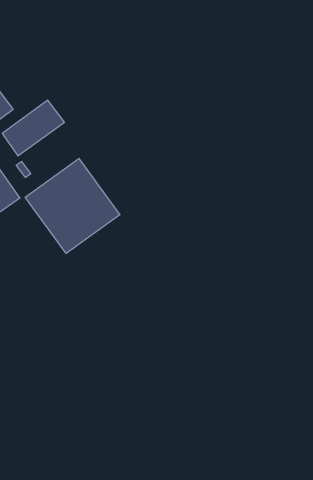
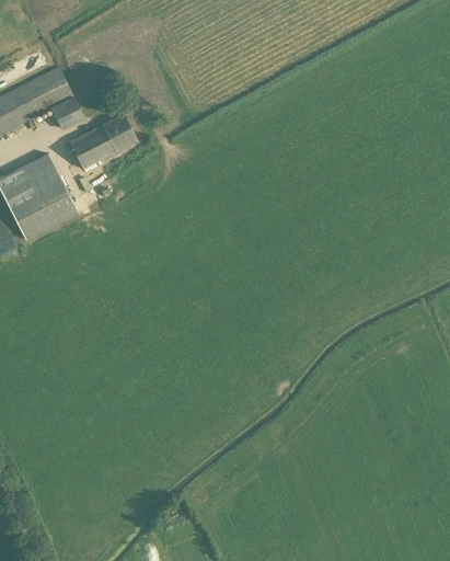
building: [25,158,120,253] -> none

